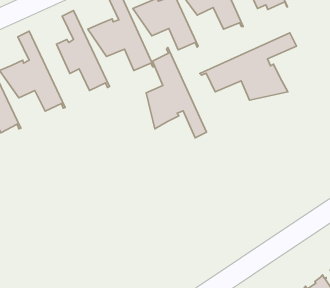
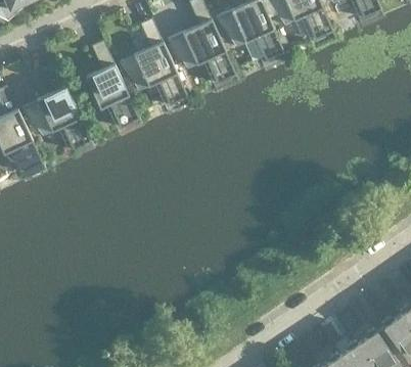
building: [200,33,296,100] -> none
building: [146,48,207,138] -> none

